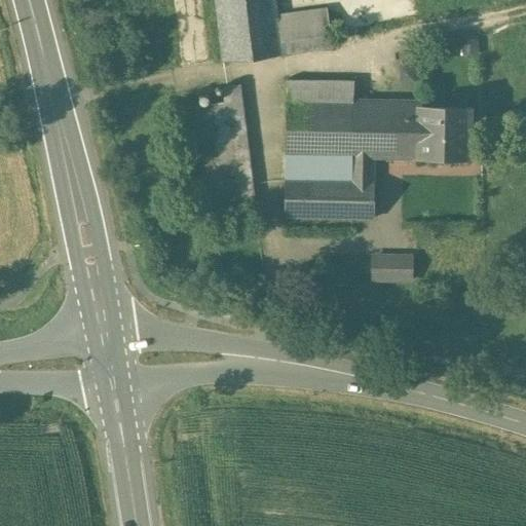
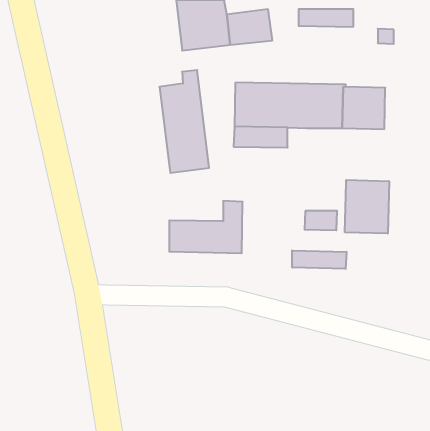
building: [287,80,353,102] -> [299,9,353,27]
building: [285,155,374,219] -> [169,201,243,253]
building: none -> [345,180,389,234]
building: none -> [292,250,346,269]

